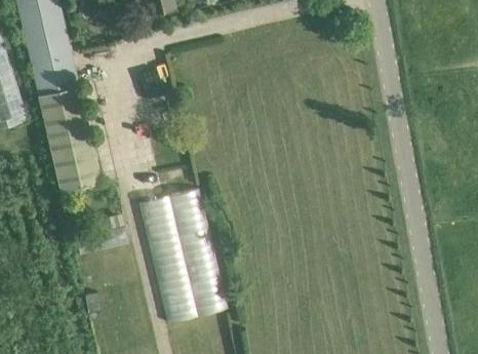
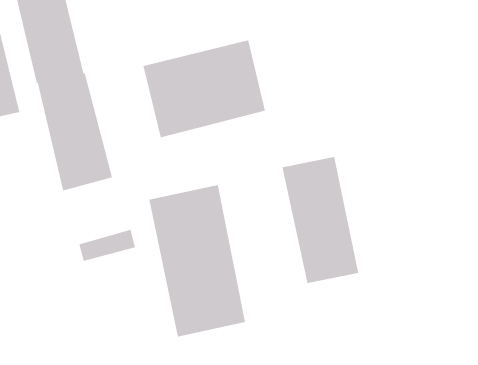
building: none -> [143,40,266,138]
building: none -> [282,156,359,284]

